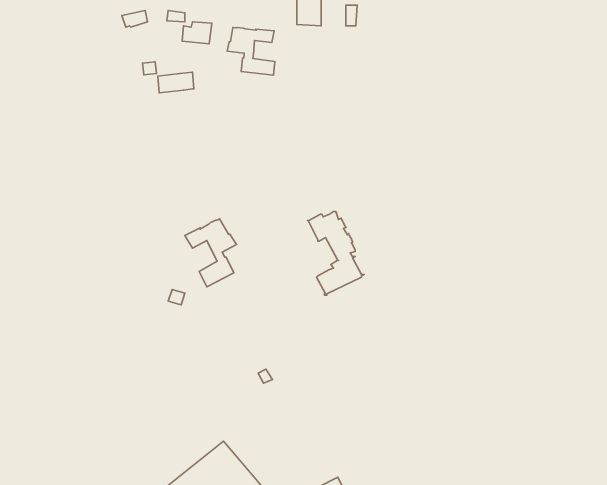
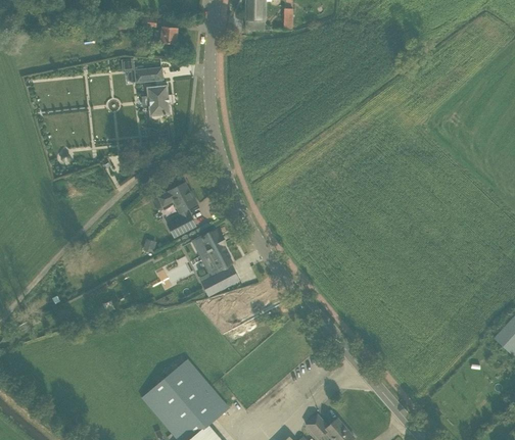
building: [227,27,275,75] -> none
building: none -> [146,85,173,118]
building: [308,212,364,295] -> [194,231,239,297]

